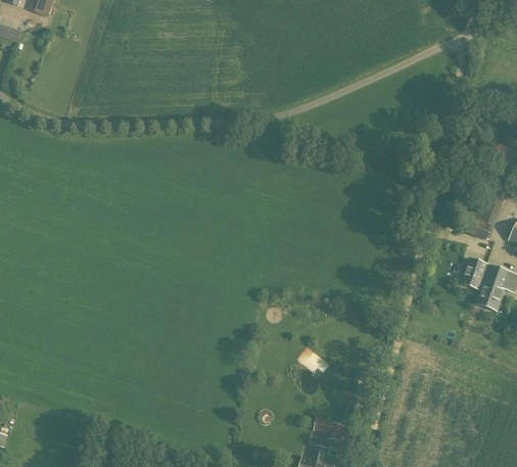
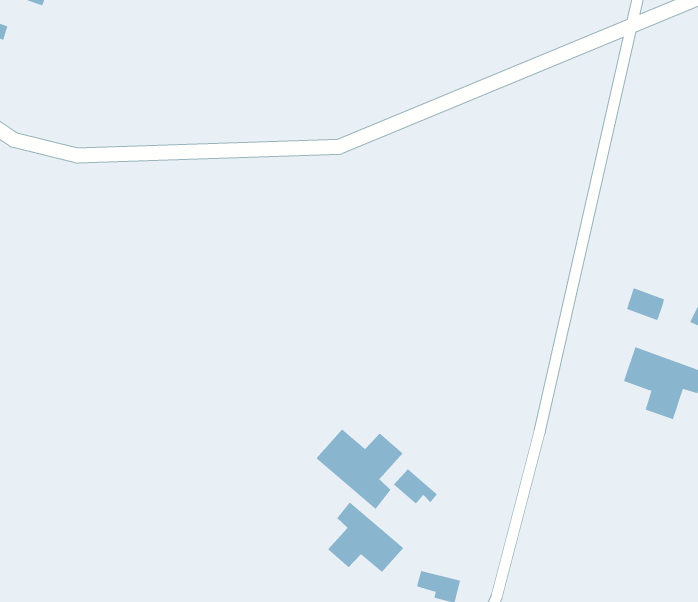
building: none -> [315,429,403,510]
building: none -> [327,501,404,573]

